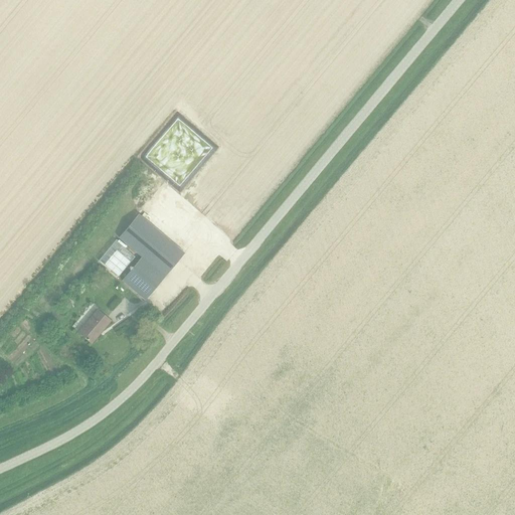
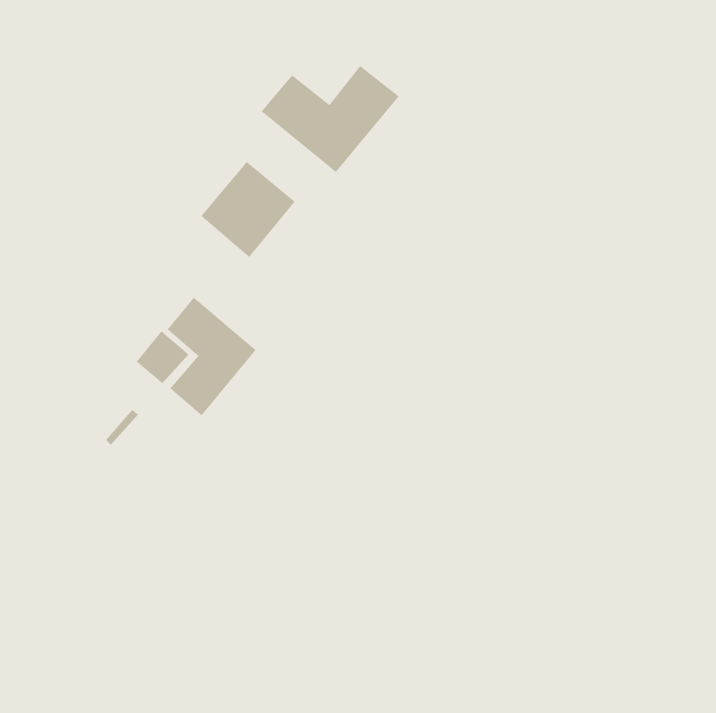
building: none -> [261,65,399,173]
building: [78,309,111,342] -> none

